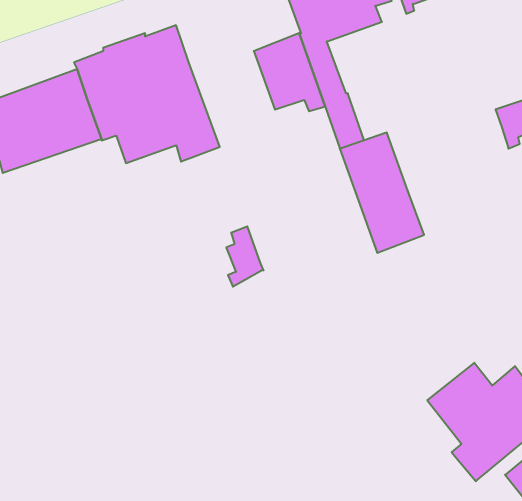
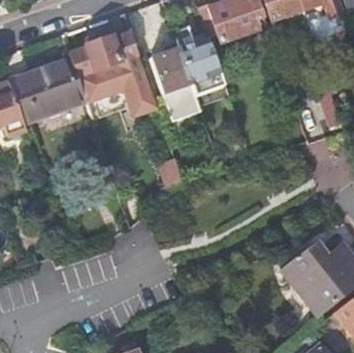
building: [340,133,424,253] -> [150,47,202,122]

